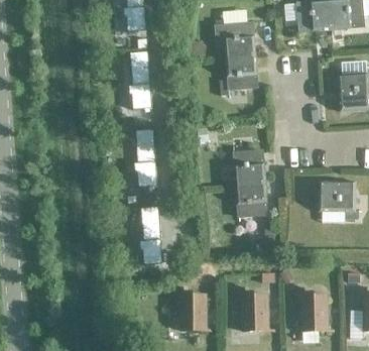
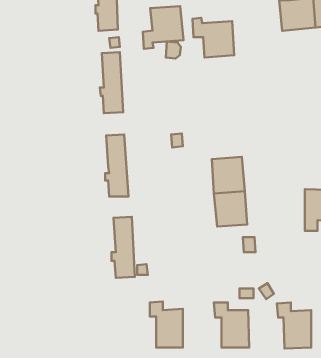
building: [219,54,257,95] -> [143,6,183,49]

